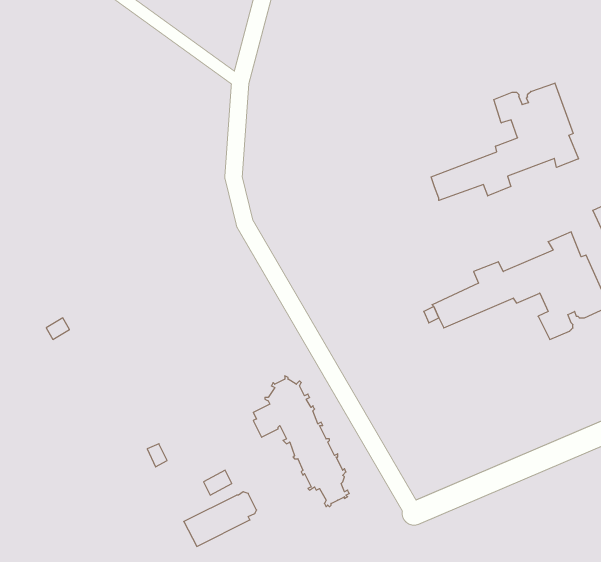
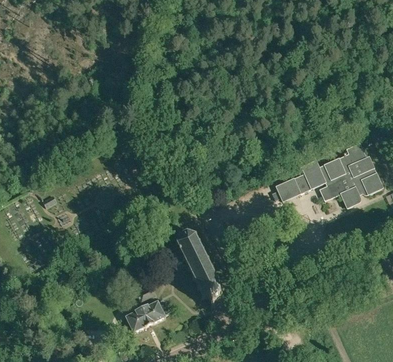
building: [431,83,578,200] -> none

